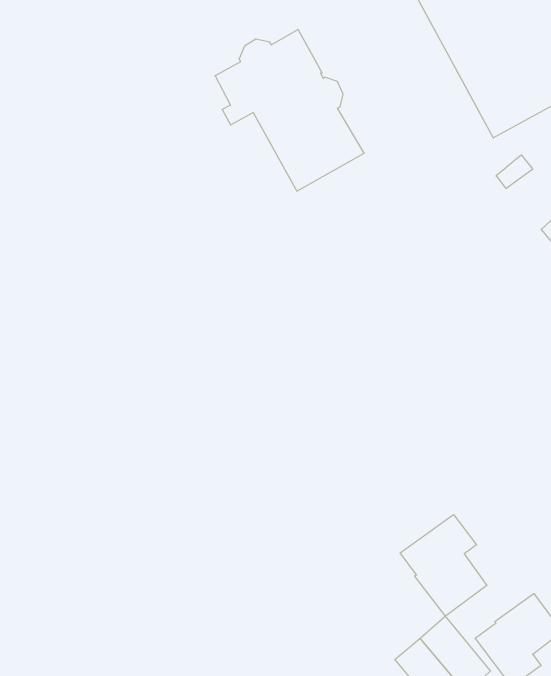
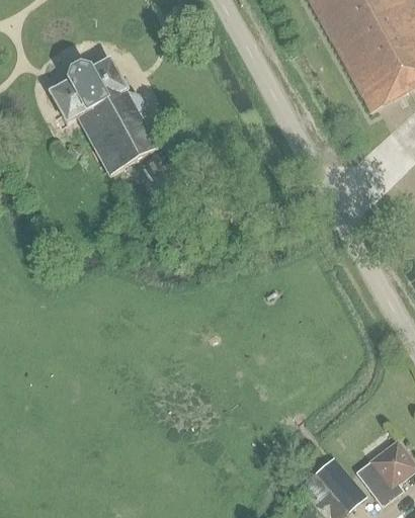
building: [215,29,364,191] -> [51,57,158,173]
building: [400,515,487,616] -> none

